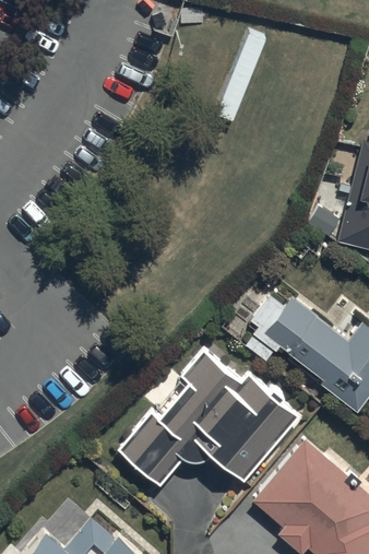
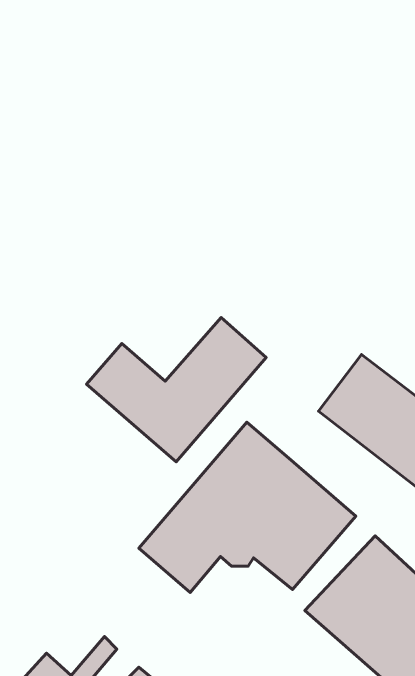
building: none -> [86,318,266,462]

